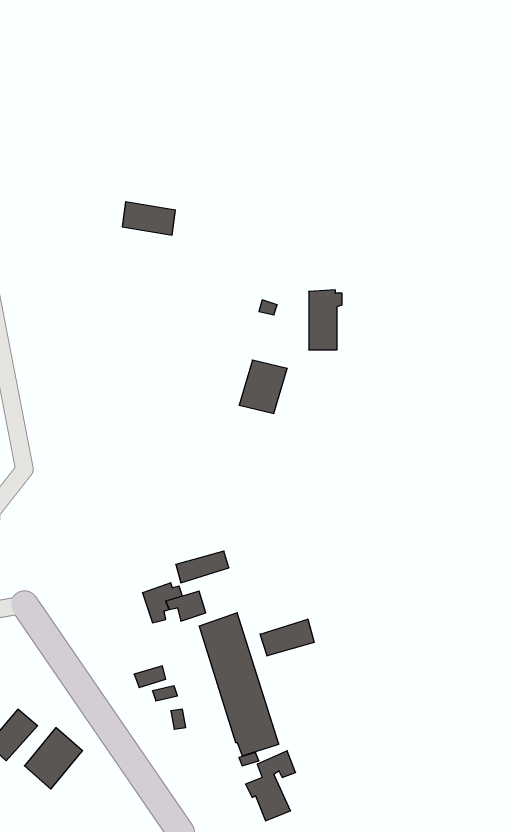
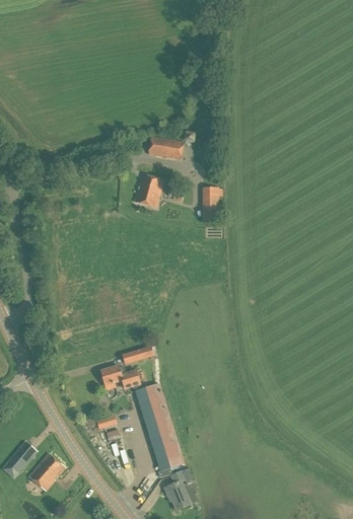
building: [122,202,175,235] -> [149,138,182,158]
building: [239,360,287,413] -> [134,174,163,207]
building: [260,619,314,656] -> none

